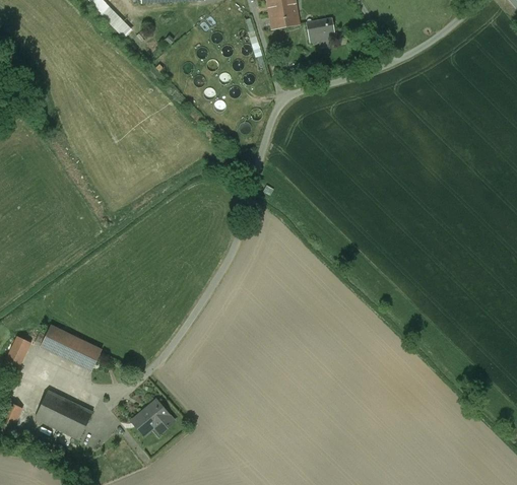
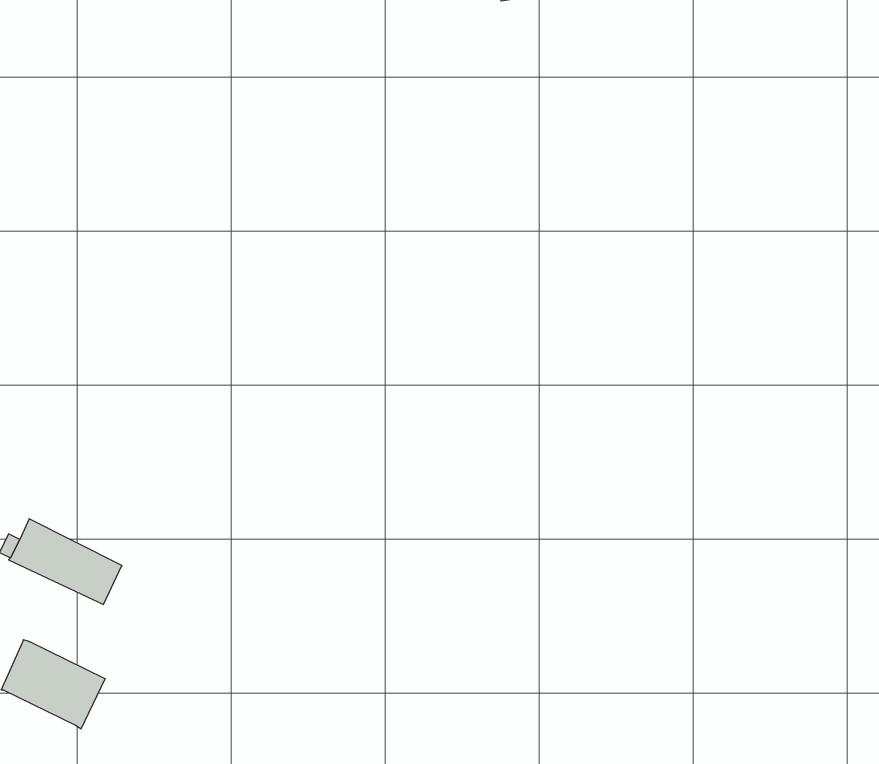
building: [132,399,176,434] -> none

